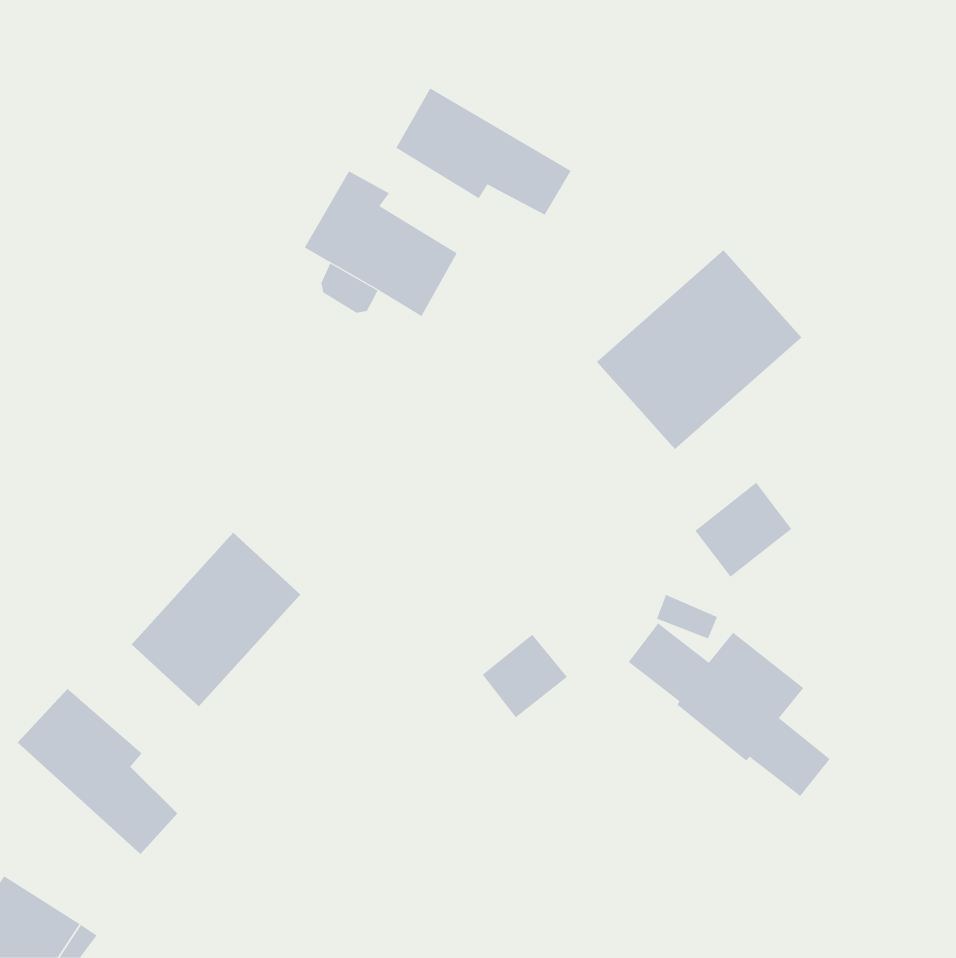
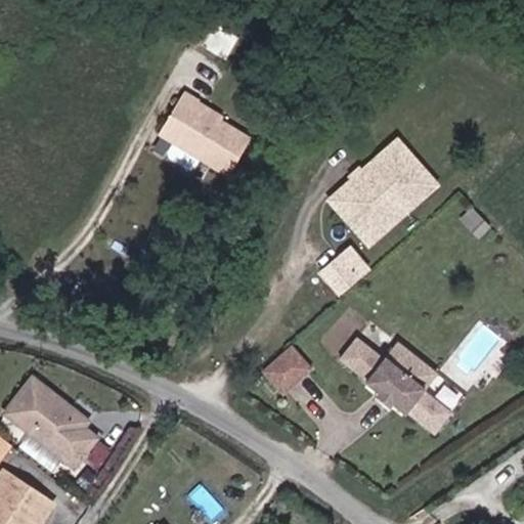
building: [396,87,572,216] -> none
building: [695,482,792,578] -> [317,245,370,297]
building: [131,532,301,707] -> none

